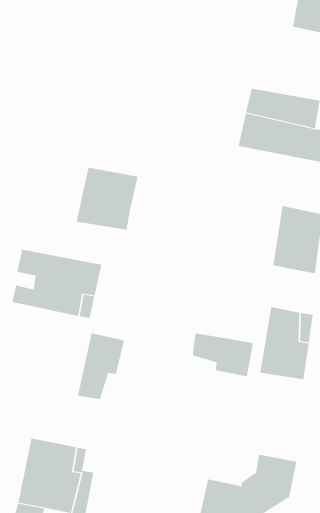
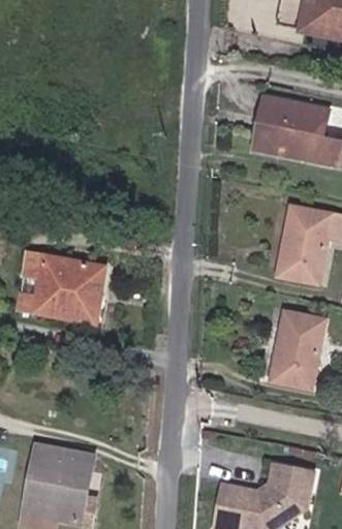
building: [76,167,138,231] -> none
building: [78,332,125,400] -> none
building: [192,333,253,377] -> none

